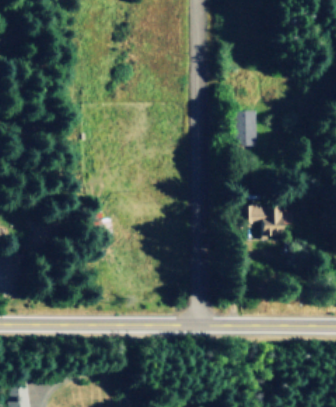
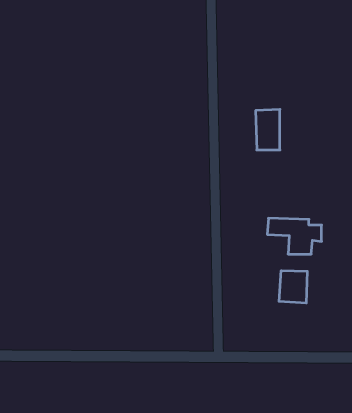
building: none -> [279,271,307,303]

